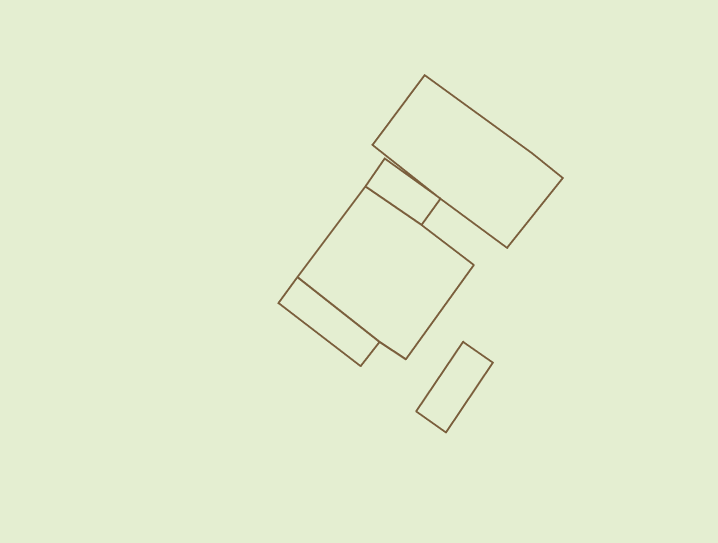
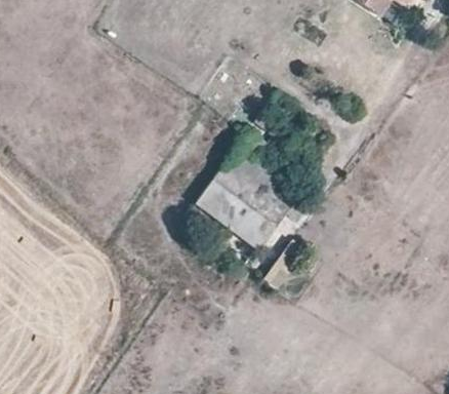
building: [372,75,563,248] -> none

